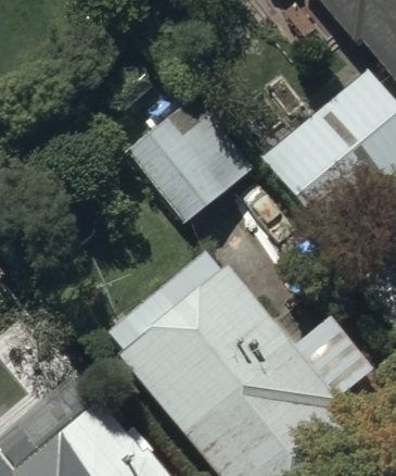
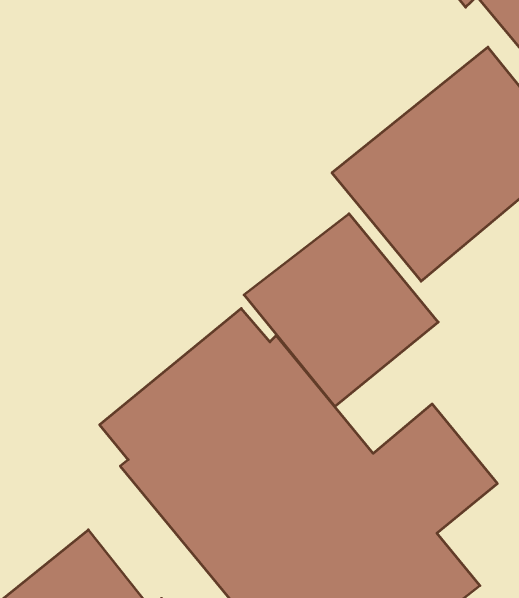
building: [123,90,255,222] -> [244,214,438,406]

